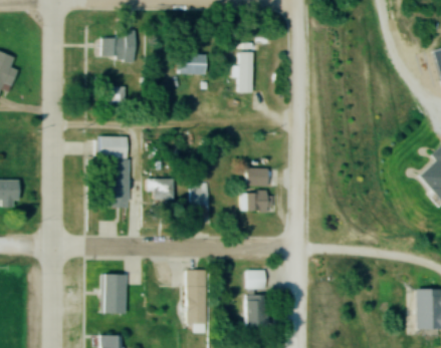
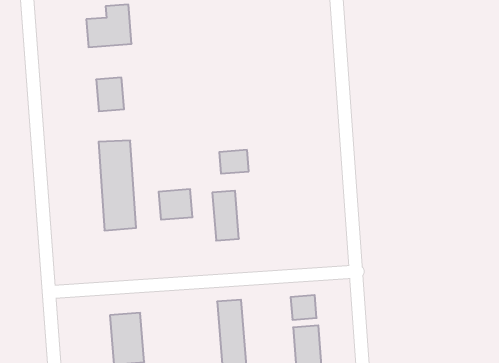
building: [236,51,252,91] -> none
building: [178,53,206,73] -> none
building: [246,168,268,186] -> [219,150,249,174]
building: [241,193,271,211] -> none

